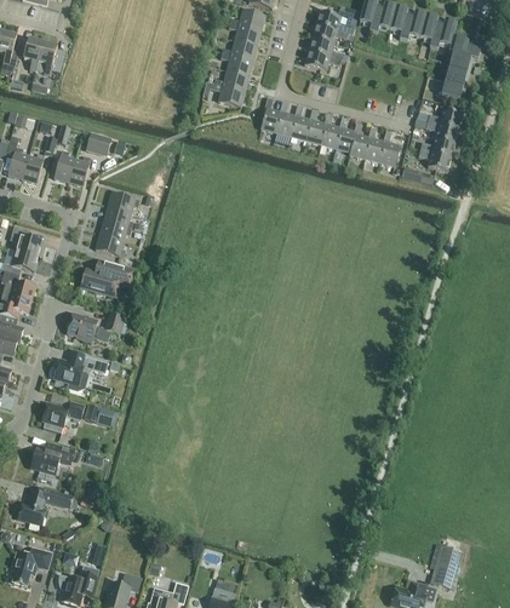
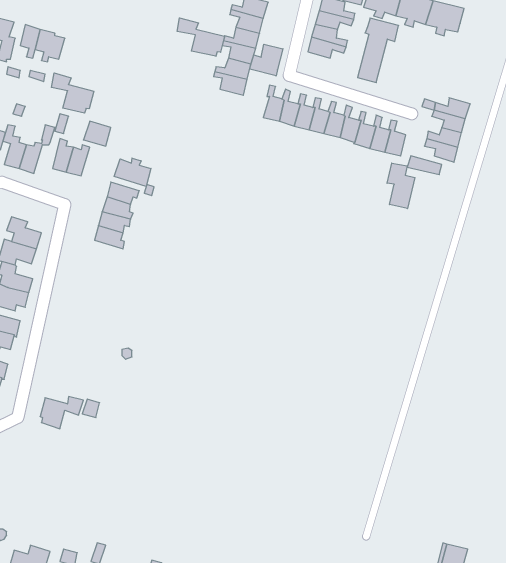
building: none -> [177,18,225,56]
building: [441,36,481,99] -> [358,18,399,83]
building: none -> [250,44,283,76]
building: none -> [51,73,94,113]
building: none -> [114,158,151,186]
building: none -> [387,163,415,209]
building: [81,259,134,296] -> none
building: [68,312,124,340] -> none
building: [55,351,108,391] -> none
building: [33,444,74,474] -> none
building: [18,486,73,523] -> none

